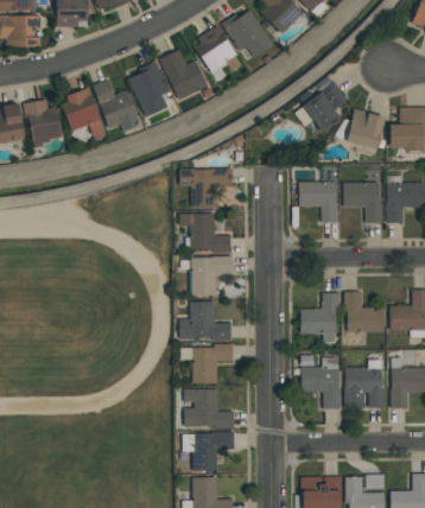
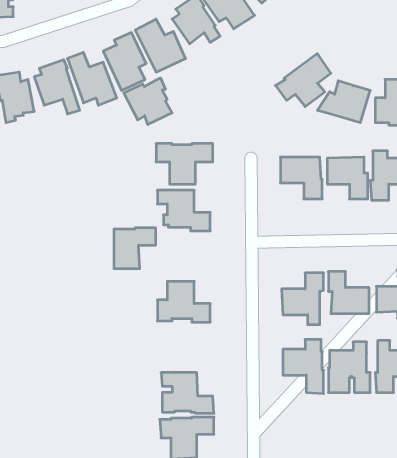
building: none -> [124,78,172,125]
building: [192,256,233,296] -> [114,228,156,269]
building: [182,344,234,383] -> none

